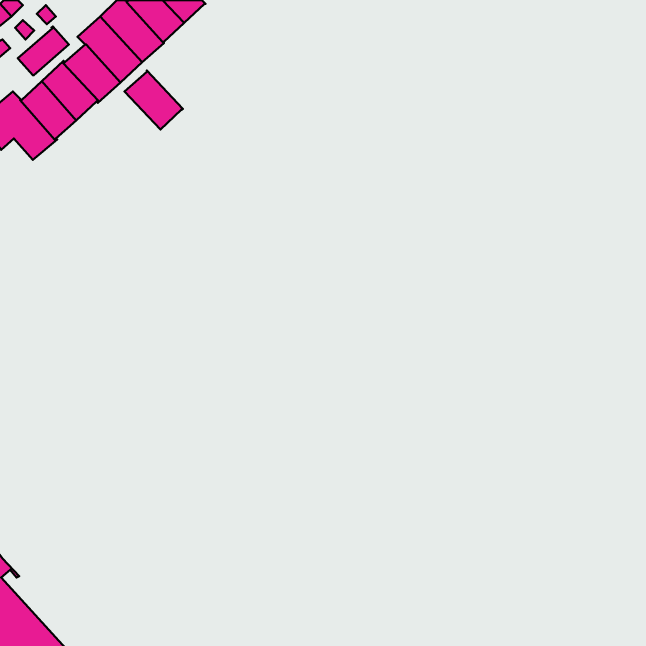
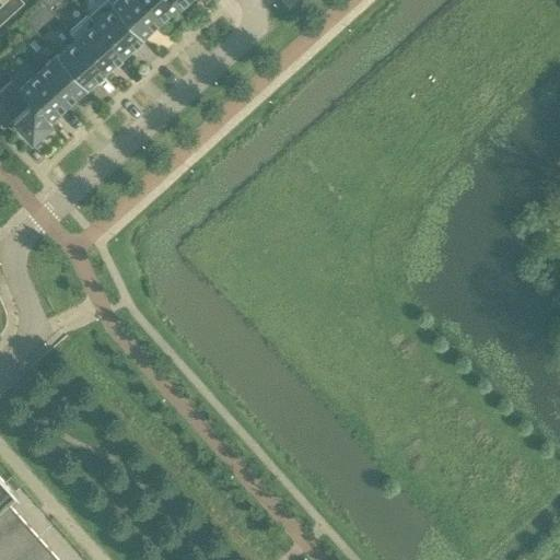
building: [18,27,69,75] -> none
building: [125,71,183,129] -> none

